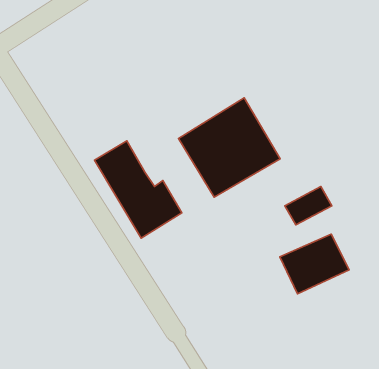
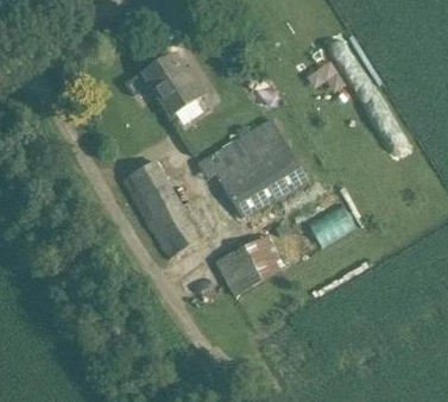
building: none -> [141,52,204,113]
building: [280,234,349,294] -> [216,234,285,294]

